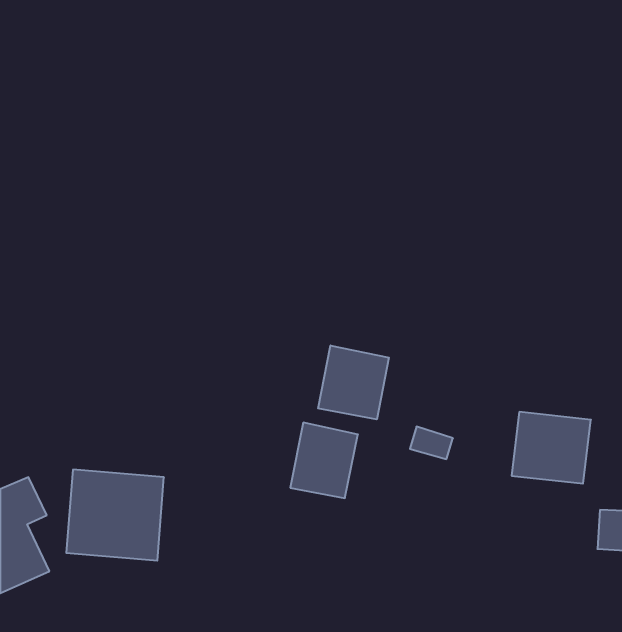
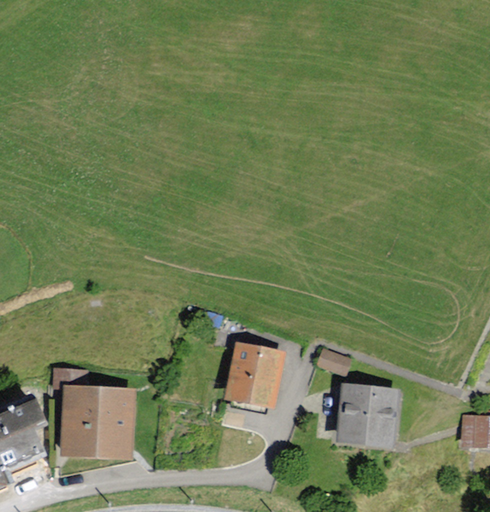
building: [318,345,389,419] -> none
building: [512,412,591,484] -> [337,391,398,446]

